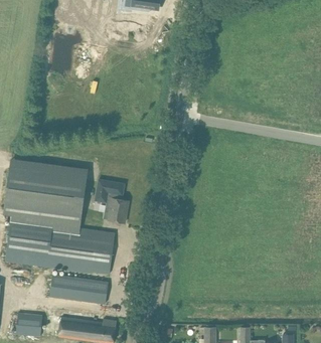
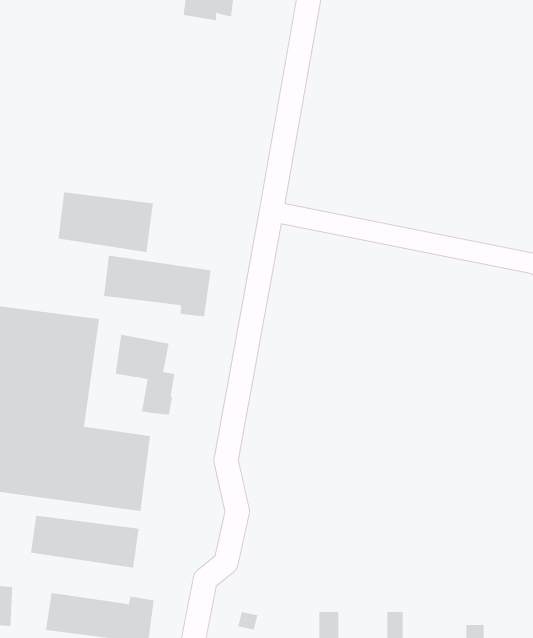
building: none -> [58,191,153,253]
building: none -> [103,255,211,317]

